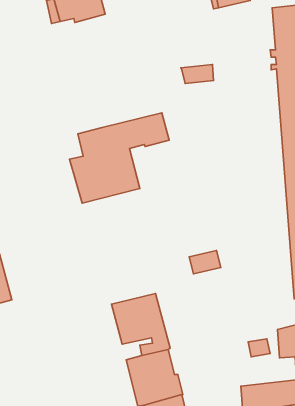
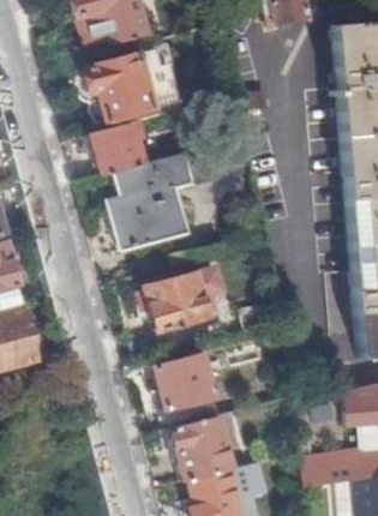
building: none -> [84,48,179,124]
building: none -> [89,121,143,175]
building: none -> [144,274,208,331]

